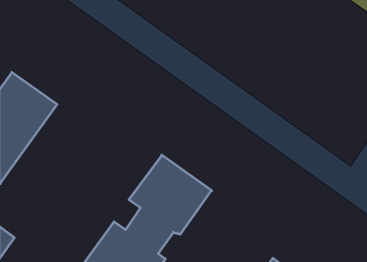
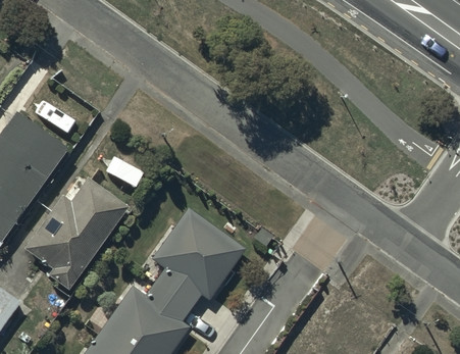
building: none -> [24,179,126,290]

